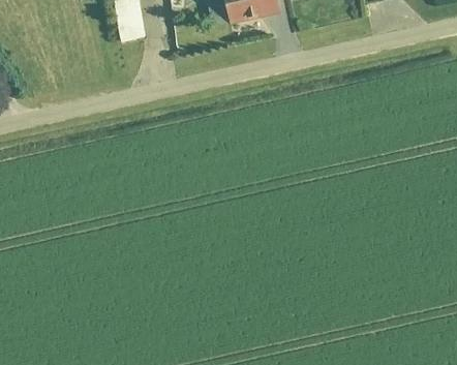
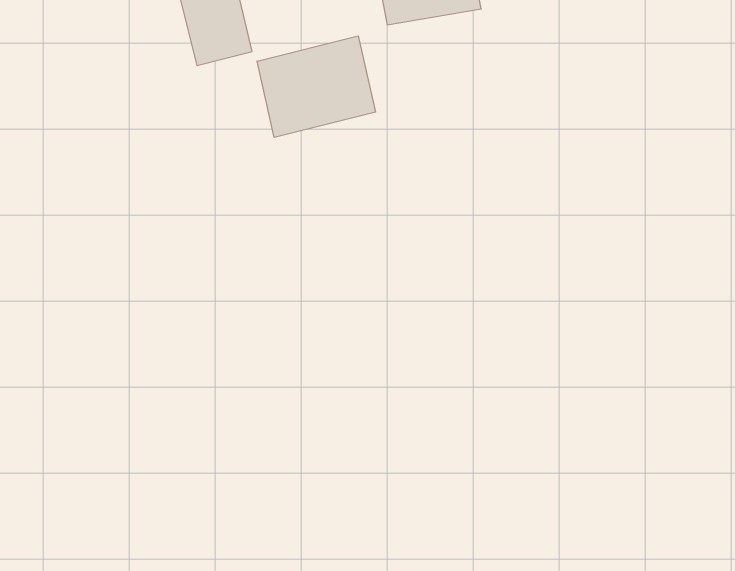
building: none -> [257,36,376,137]

